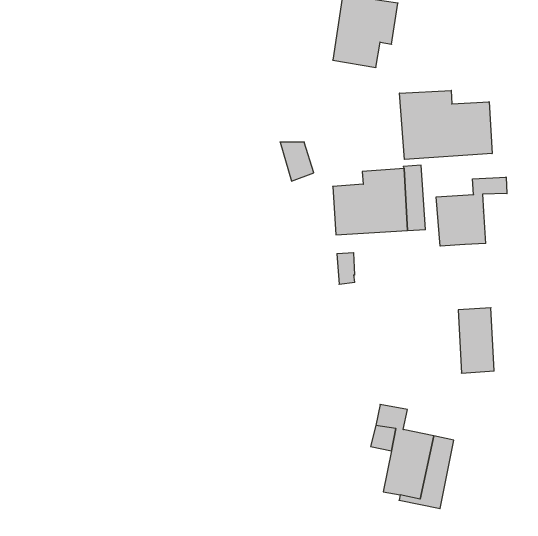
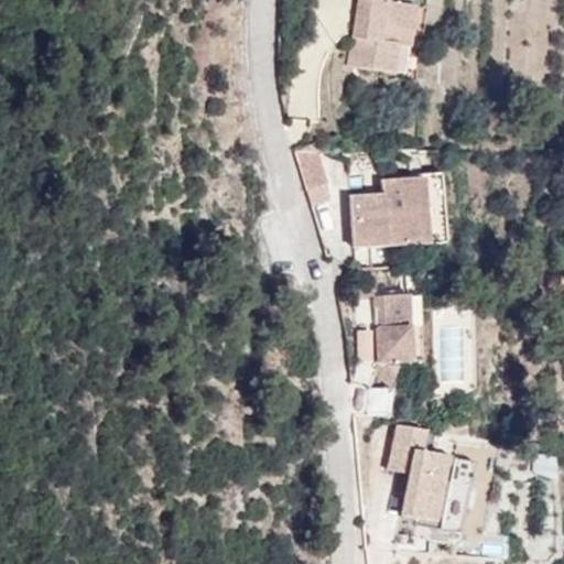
building: [400,90,492,159] -> none
building: [436,177,507,246] -> none
building: [458,308,494,373] -> [375,293,412,361]

